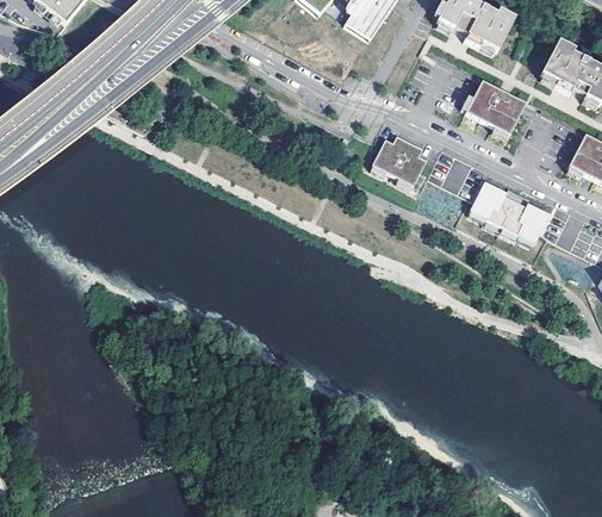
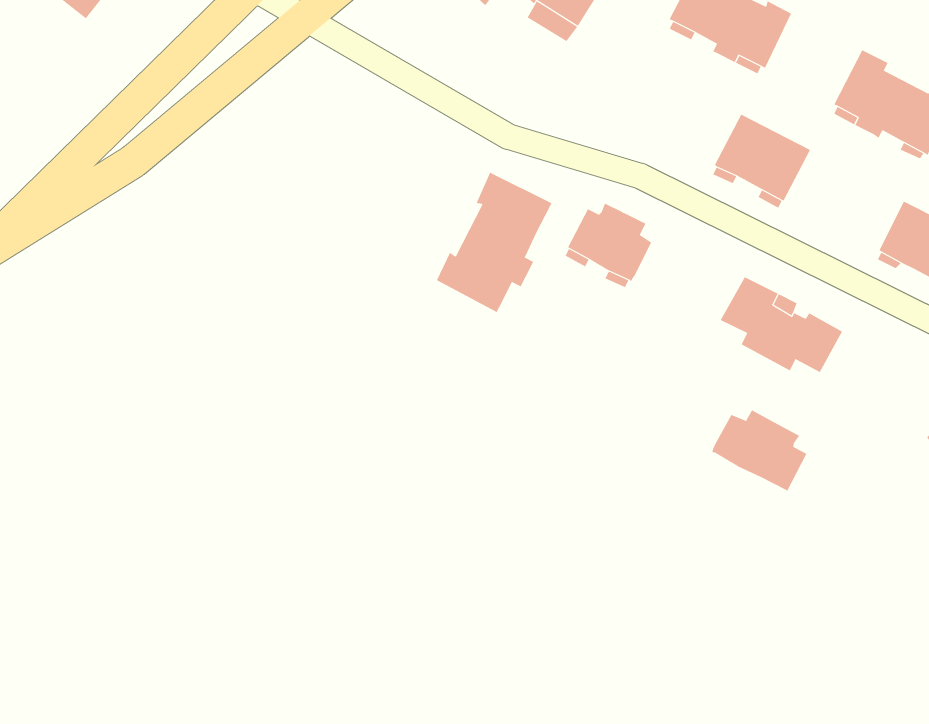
building: none -> [436,172,552,313]
building: none -> [711,409,807,492]

